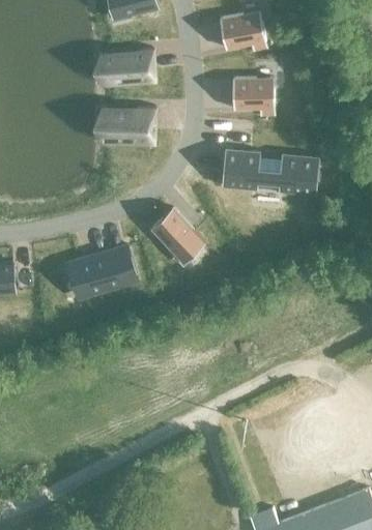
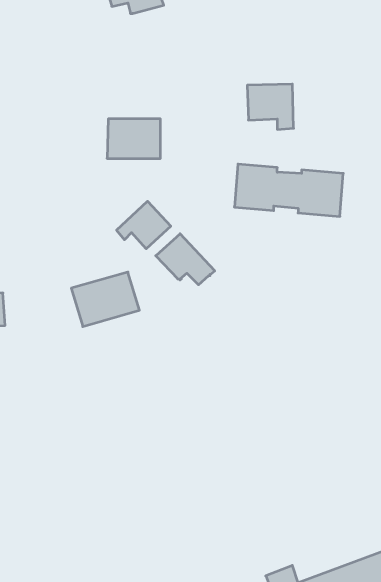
building: [219,10,266,52] -> none
building: [105,51,153,84] -> none
building: none -> [117,201,171,249]

